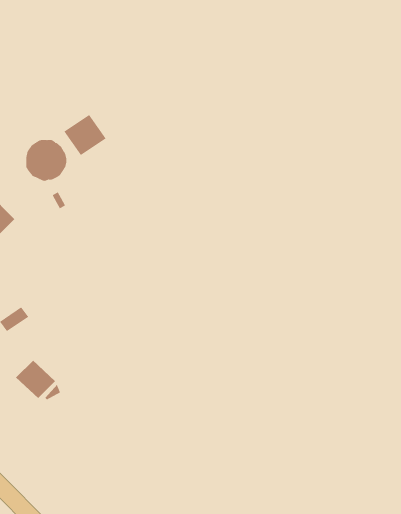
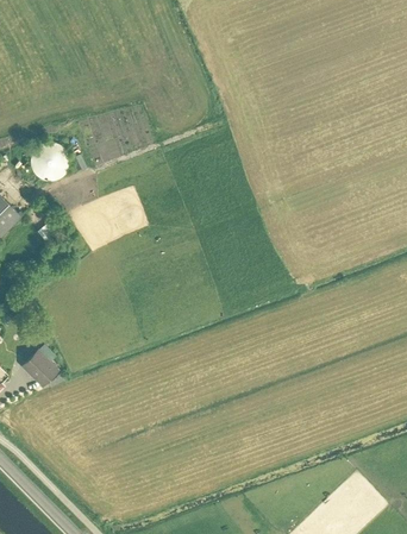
building: [64,114,106,156] -> none

